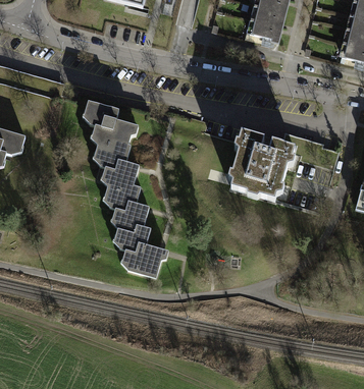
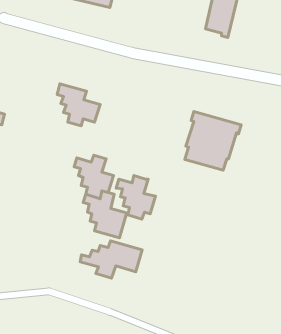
building: [93,138,138,188] -> [116,176,155,219]
building: none -> [80,241,142,278]

